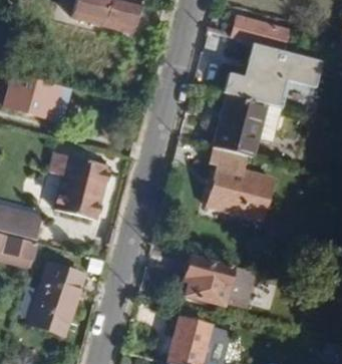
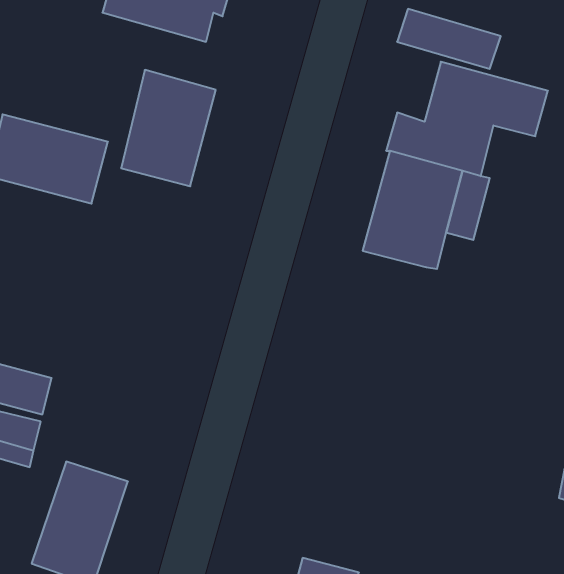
building: [206,147,275,222] -> none
building: [56,154,108,219] -> [121,70,216,186]
building: [182,256,254,307] -> none

